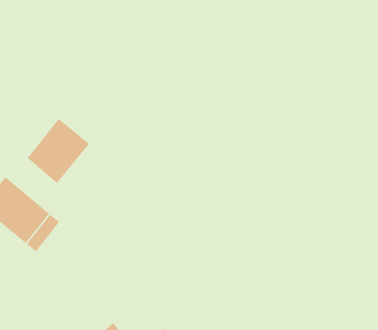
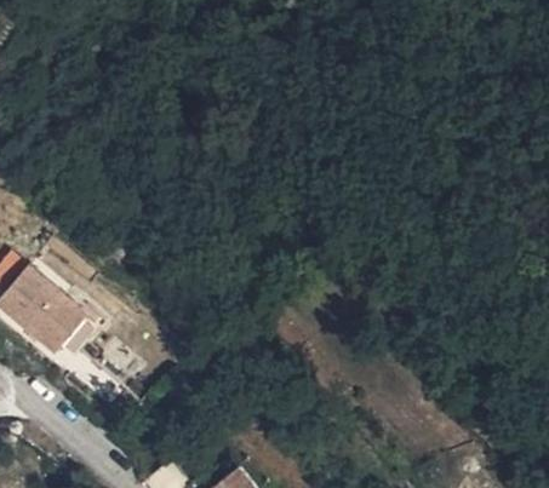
building: [27,118,90,184] -> none

